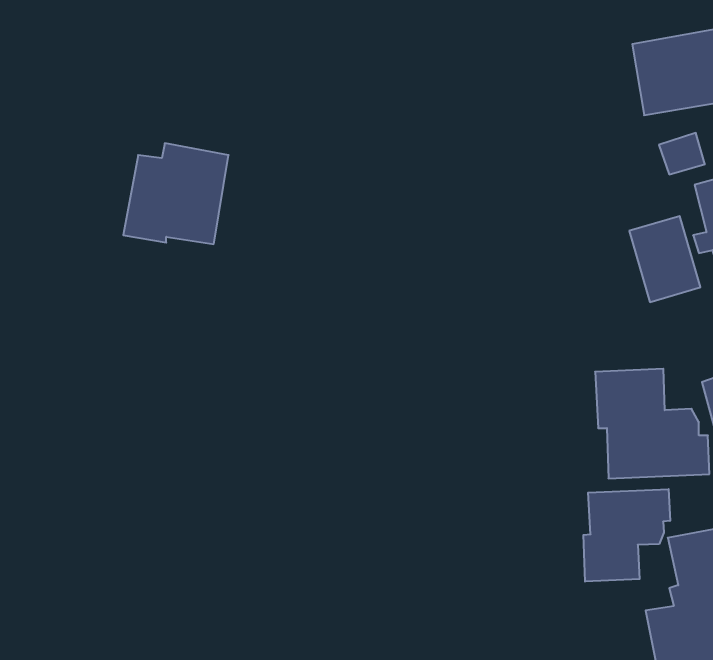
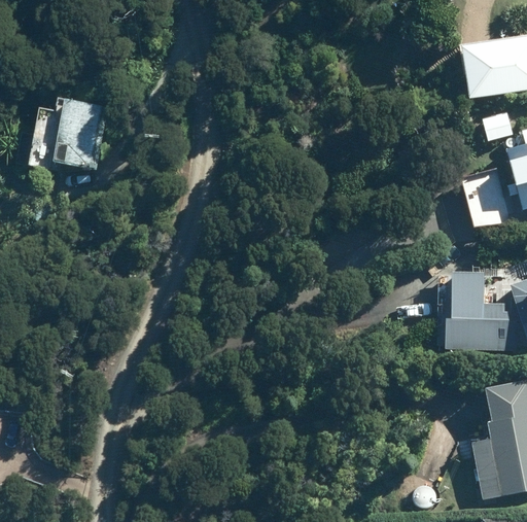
building: [123,143,229,244] -> [30,100,103,170]
building: [583,489,670,582] -> none

